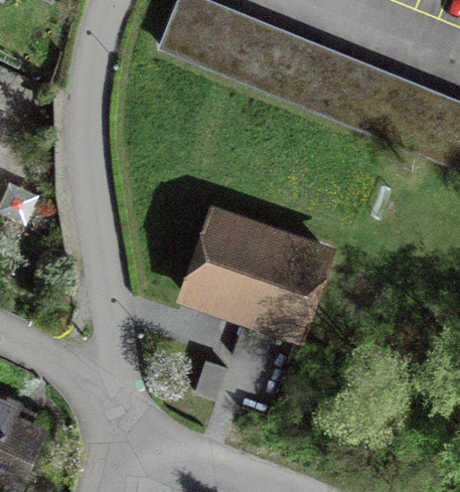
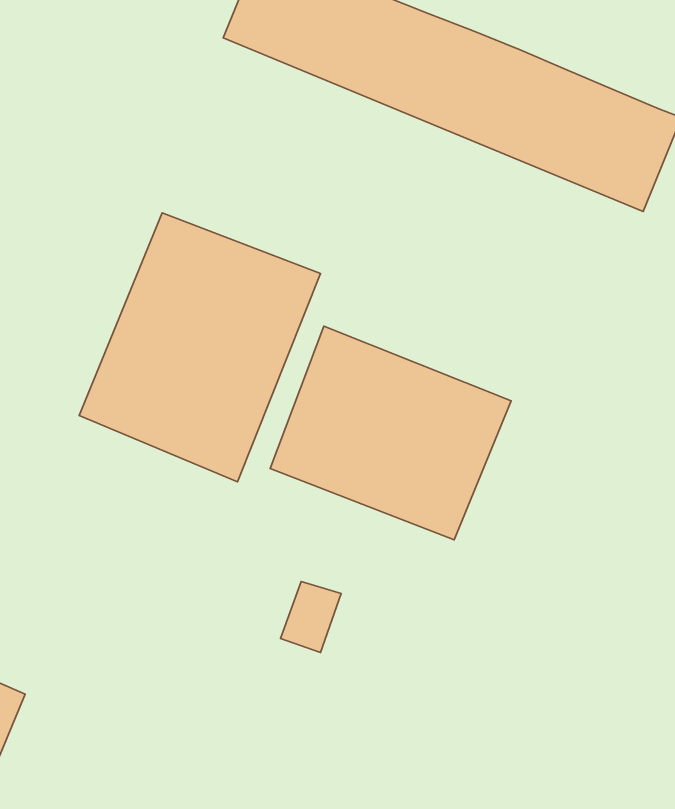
building: none -> [79,213,320,482]

